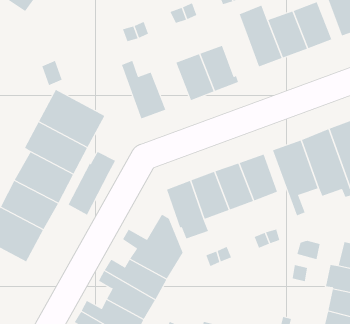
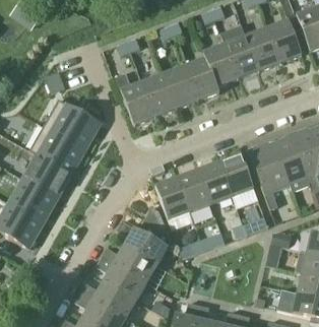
building: none -> [202,45,236,86]
building: none -> [141,74,176,116]
building: [68,151,116,215] -> none

